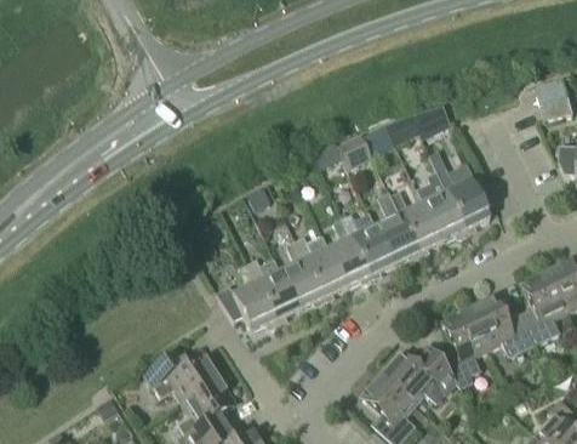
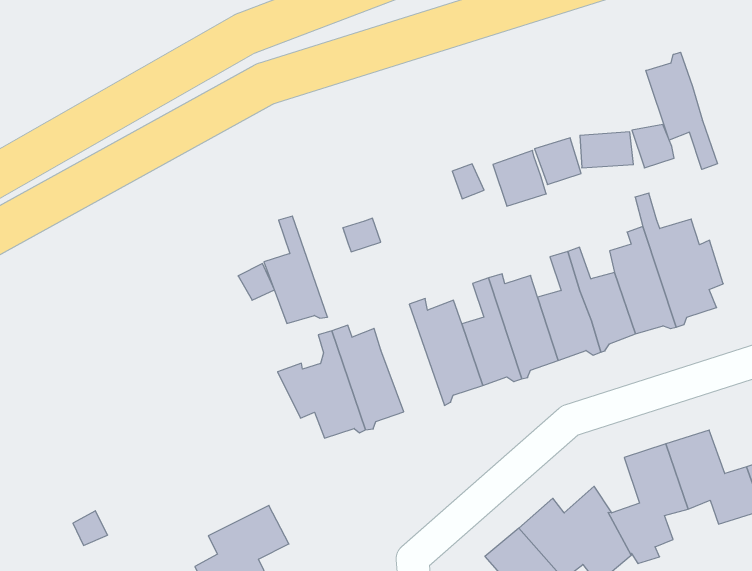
building: none -> [646,52,717,169]
building: [280,240,325,309] -> [264,216,328,323]
building: [145,351,221,404] -> none

